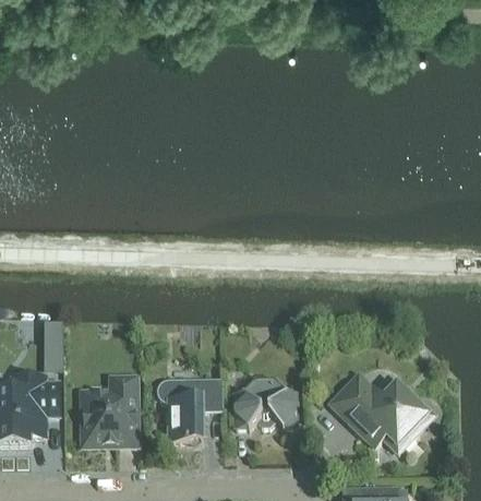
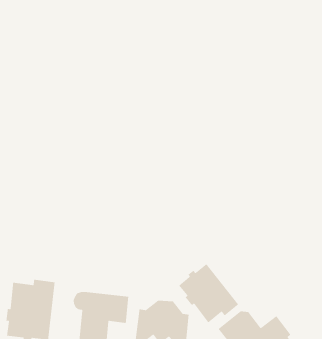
building: none -> [178,263,239,324]

